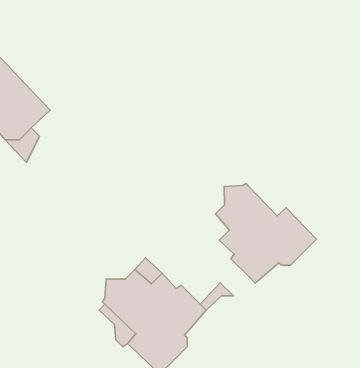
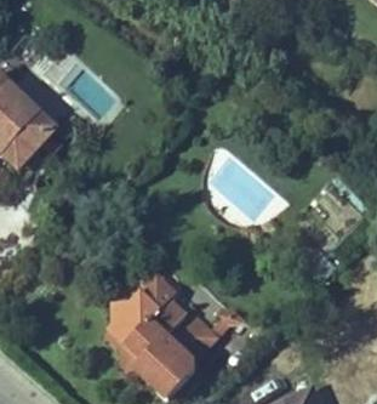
building: [215,183,316,283] -> none

